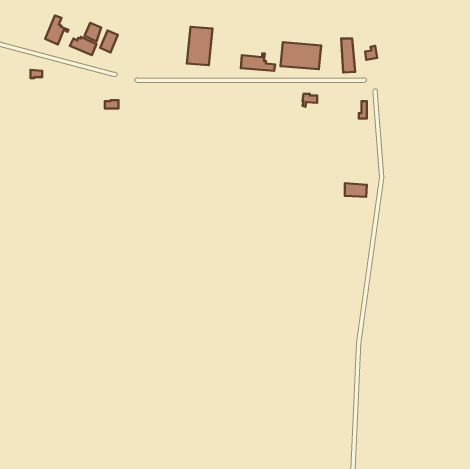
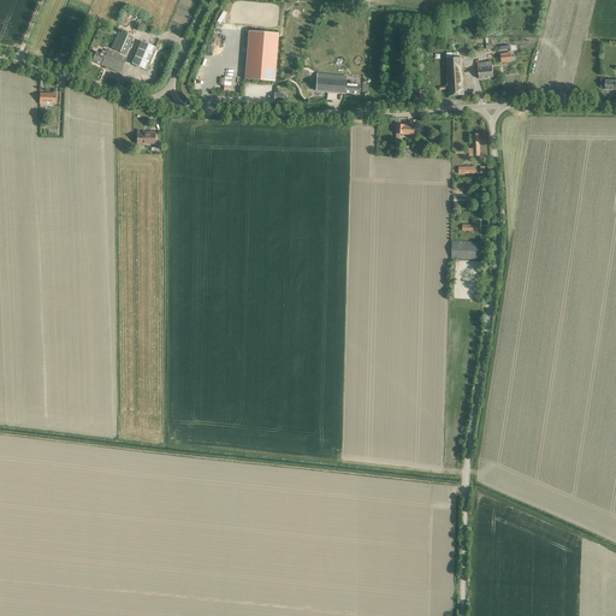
building: [45,15,68,44] -> none
building: [280,42,321,69] -> none

